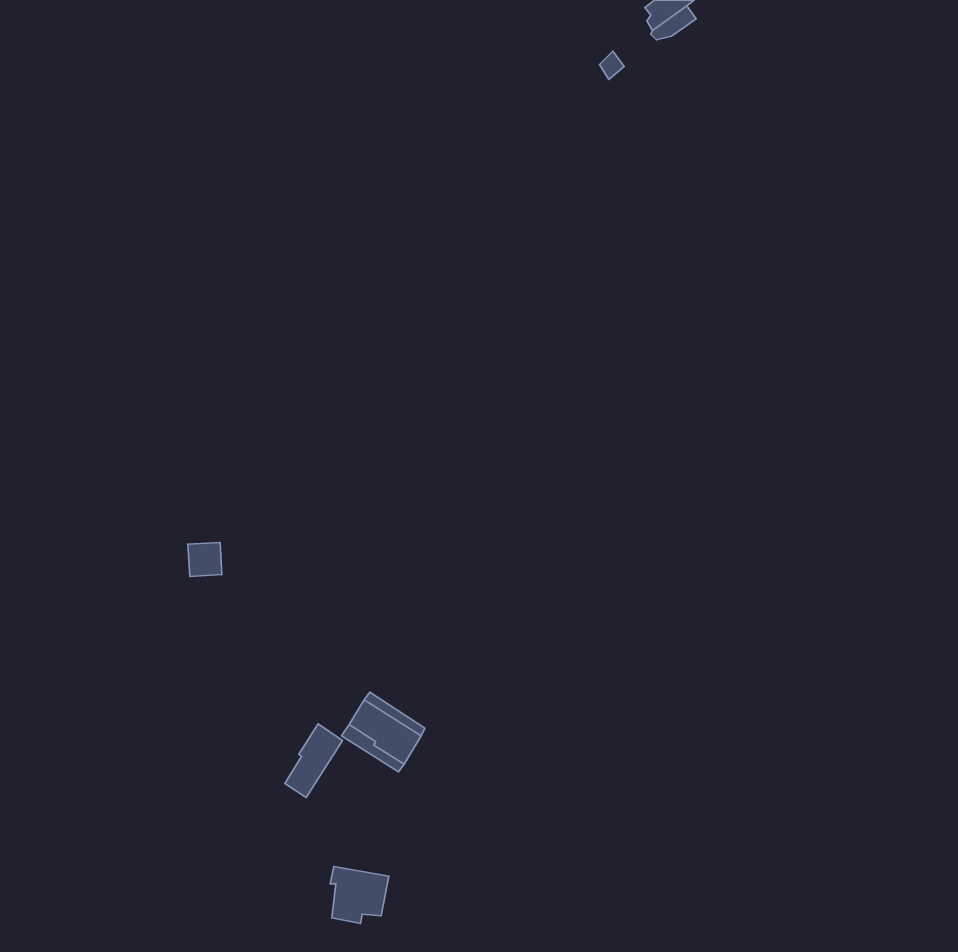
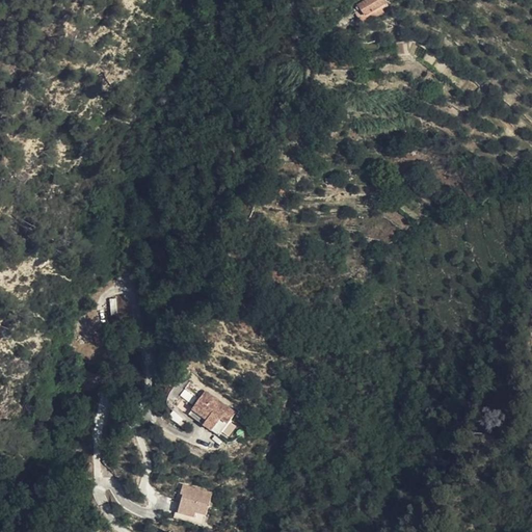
building: [285,724,343,798] -> none

